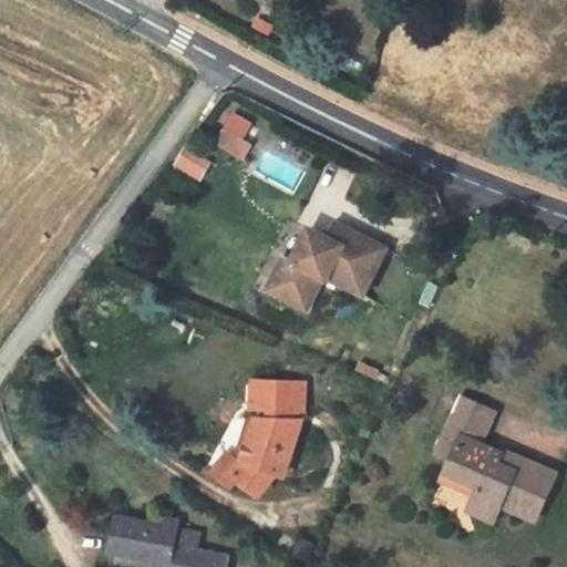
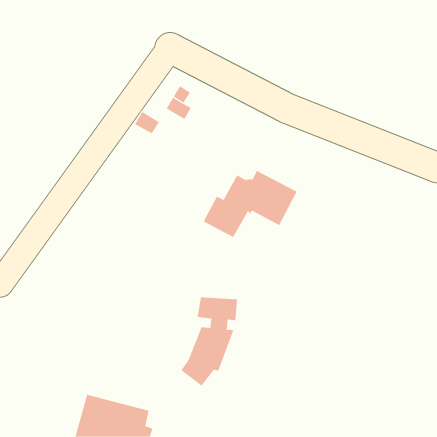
building: [435,402,550,526] -> none
building: [215,422,260,503] -> none

